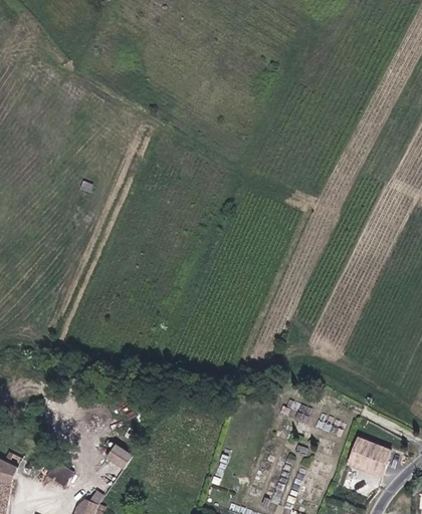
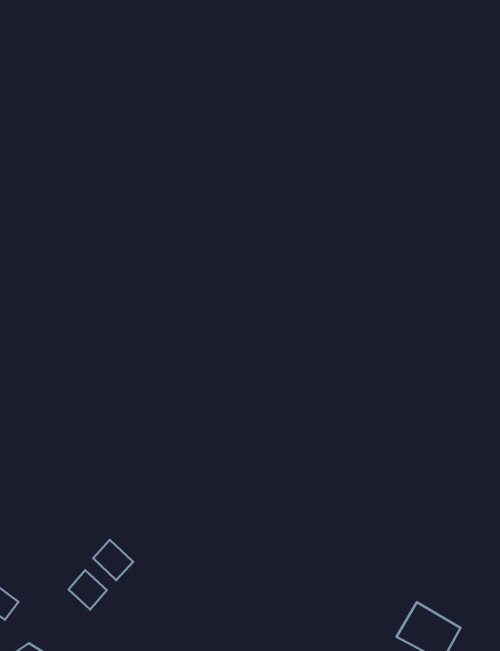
building: none -> [93,540,133,580]

